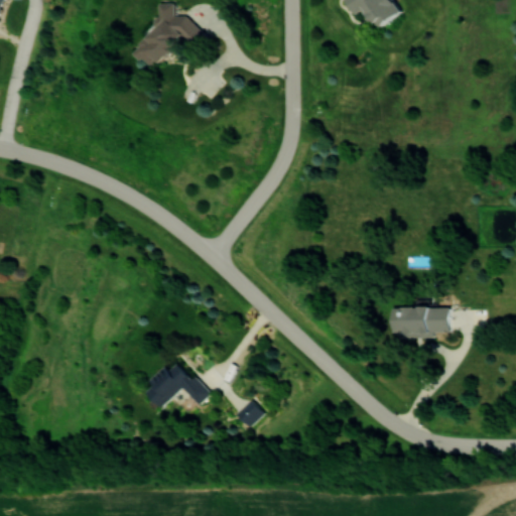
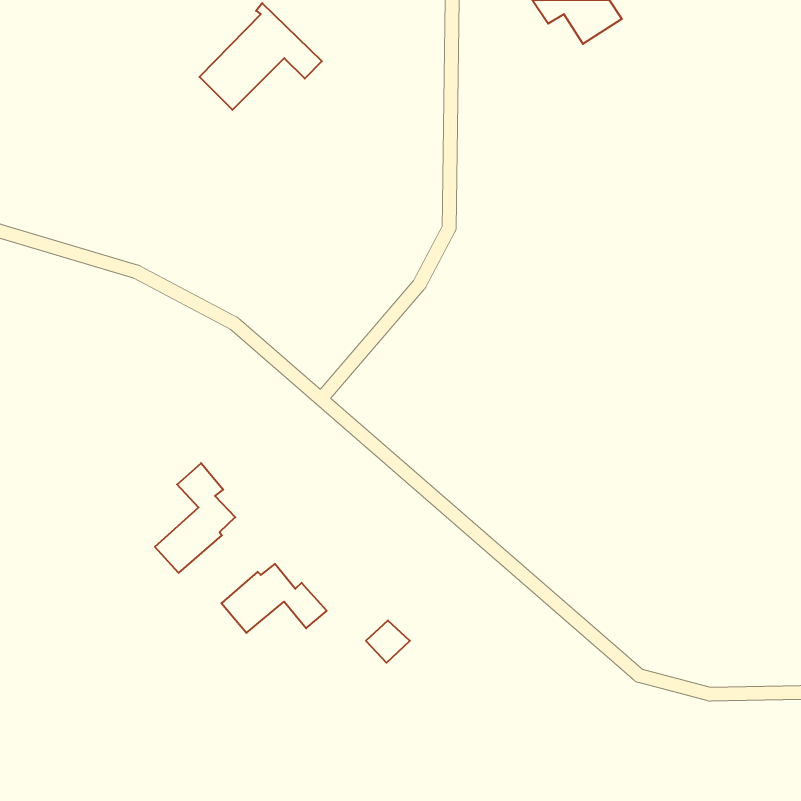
building: none -> [155,463,235,573]
building: [390,306,447,333] -> none

